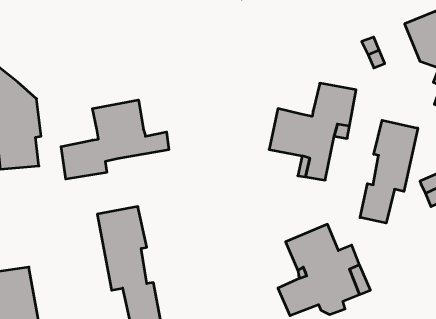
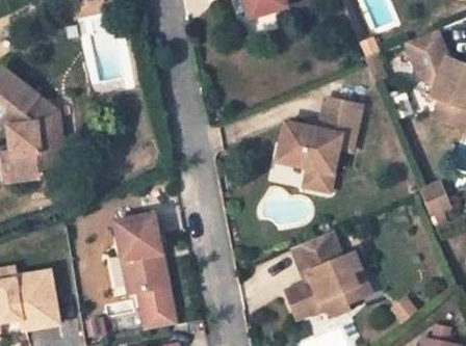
building: [61,100,169,179] -> none
building: [360,120,418,223] -> none

